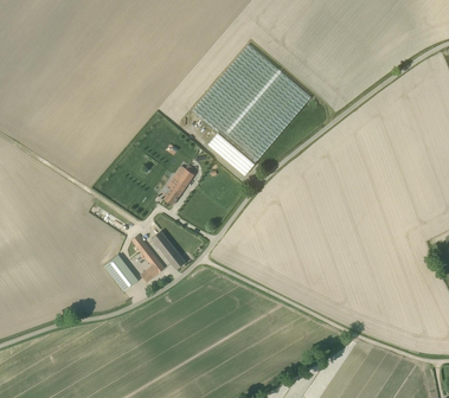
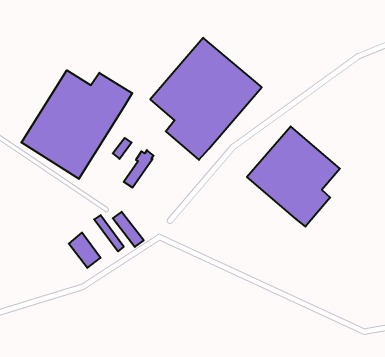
building: none -> [21,70,132,179]
building: none -> [247,126,340,227]

